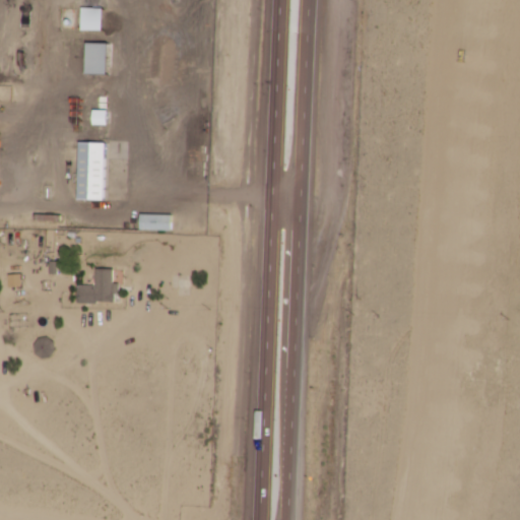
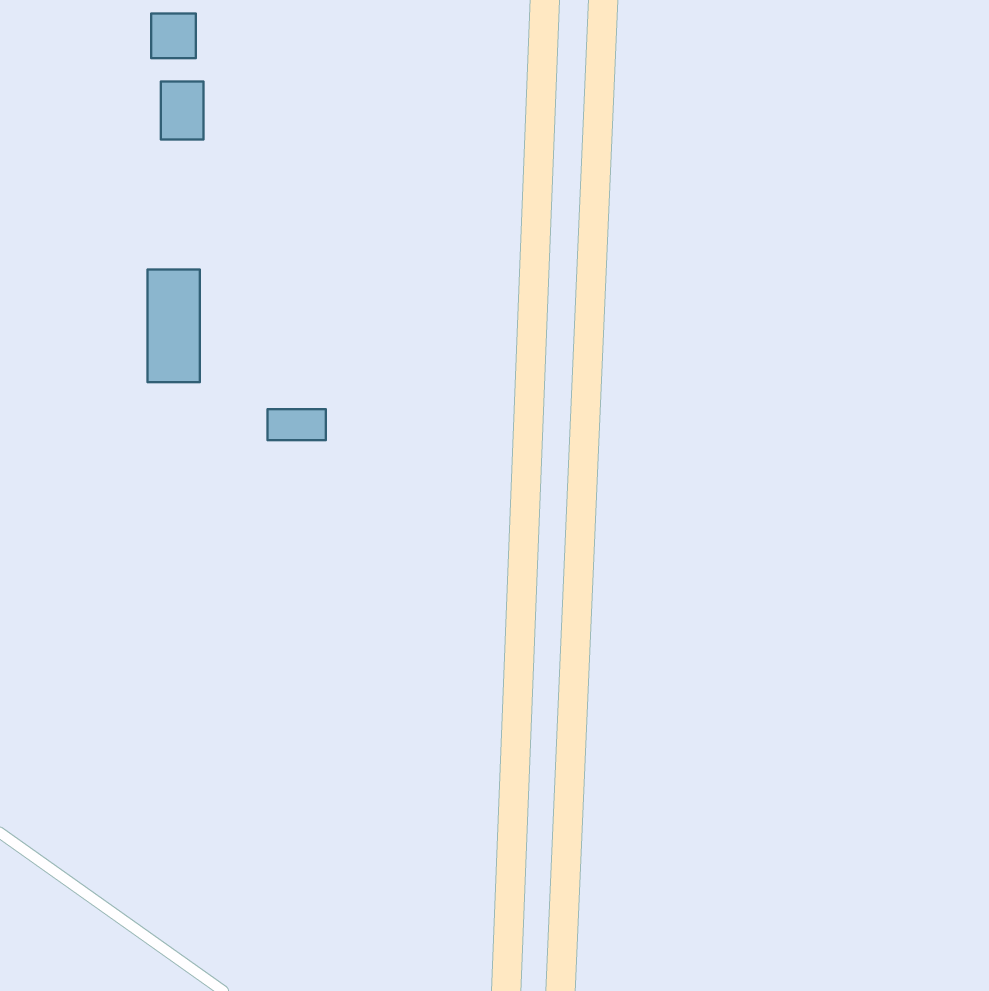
building: [77,268,113,303] -> none

